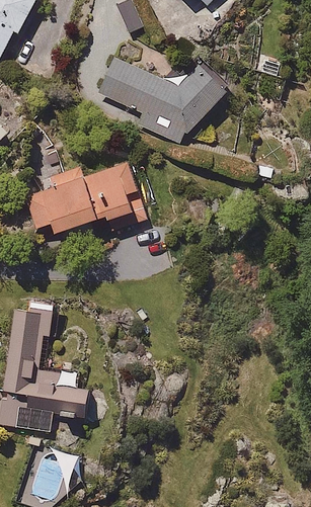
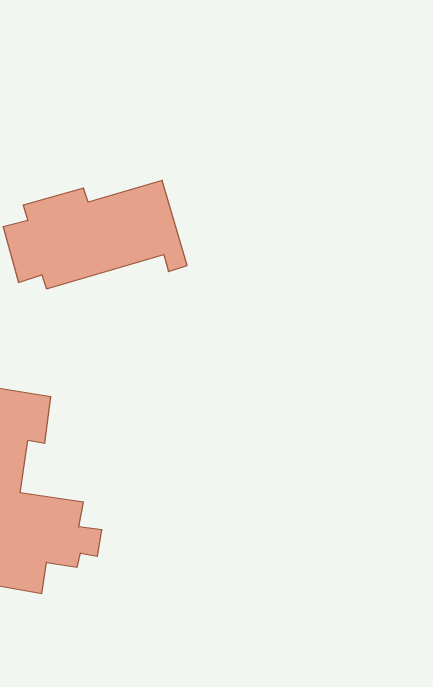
building: [99,58,226,144] -> none

